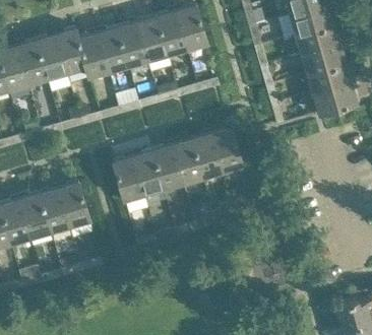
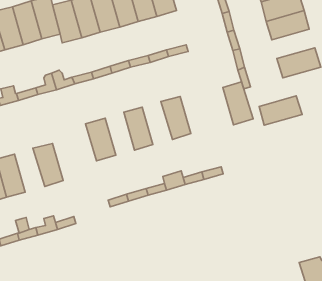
building: [307,64,352,94] -> [259,96,302,125]
building: [211,128,243,173] -> [223,82,253,125]
building: [172,139,203,184] -> none
building: [133,150,164,195] -> none
building: [39,188,70,233] -> none

